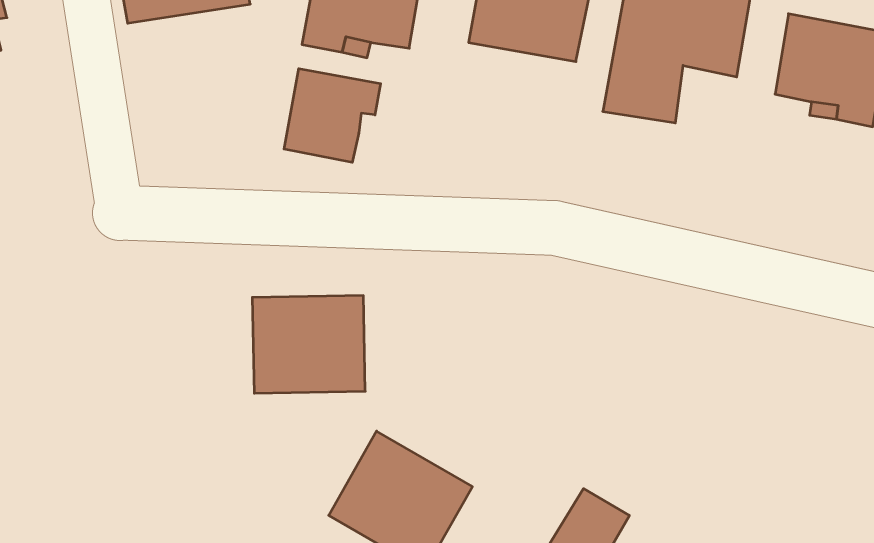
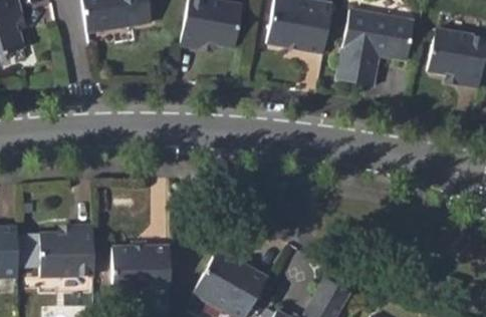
building: [284,69,381,162] -> none
building: [252,296,365,393] -> [111,245,171,296]
building: none -> [40,224,94,275]

